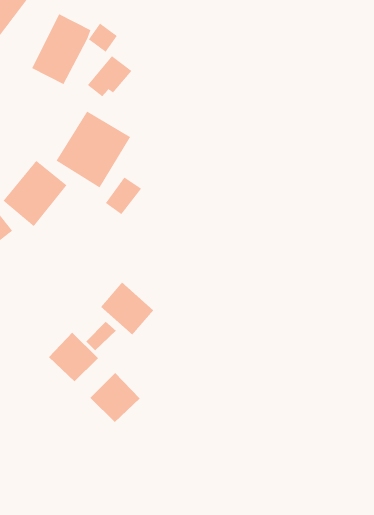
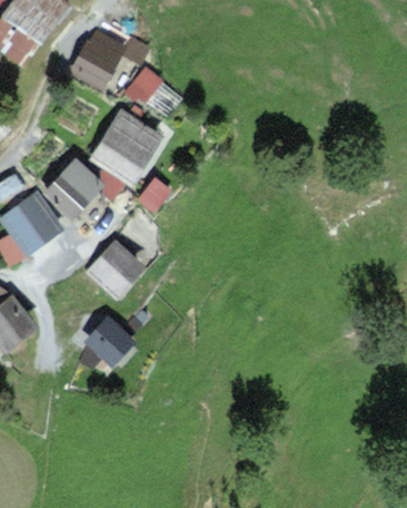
building: [100,281,154,336] -> [90,246,140,296]
building: [89,372,140,423] -> none

